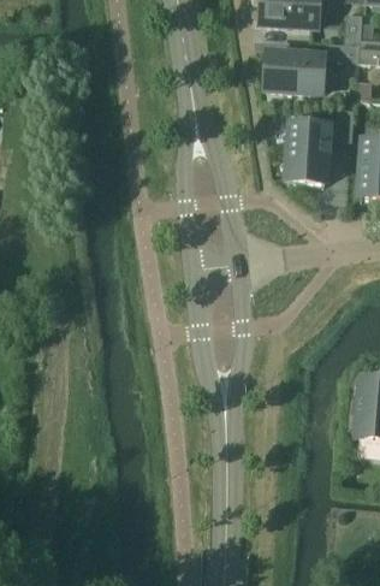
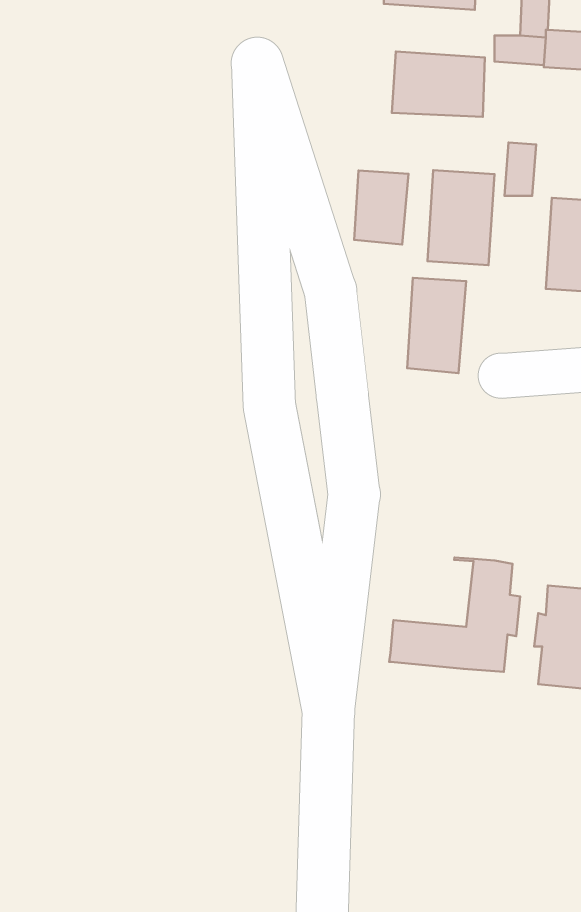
building: none -> [354,170,408,244]
building: none -> [407,278,466,373]
building: none -> [389,558,520,672]

